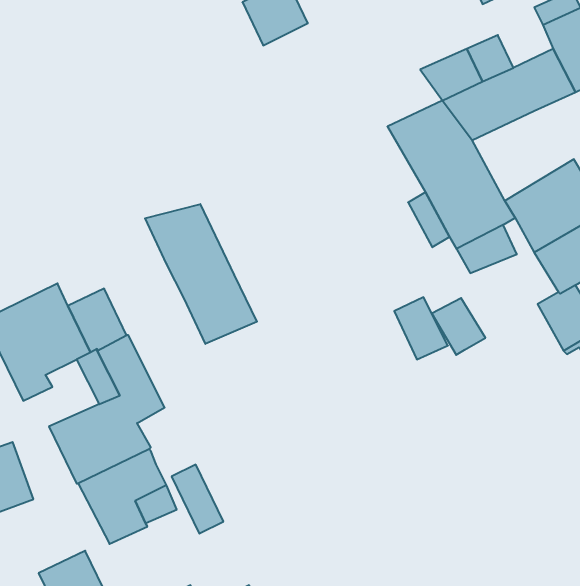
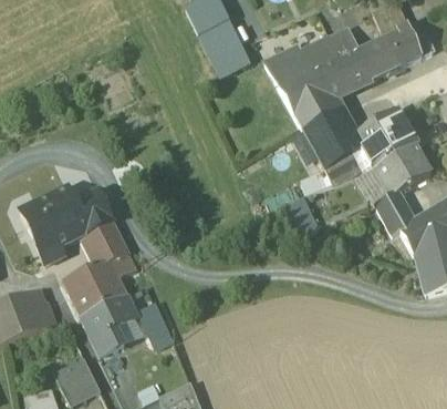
building: none -> [199,20,250,79]
building: none -> [264,45,314,86]
building: [145,204,257,344] -> none
building: [432,298,485,355] -> [354,167,388,204]

